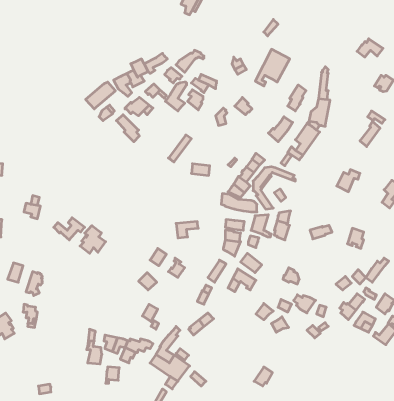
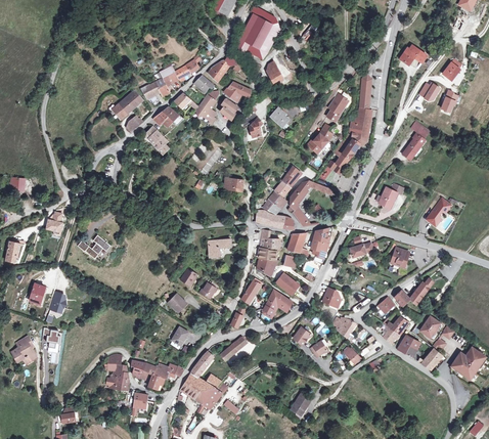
building: [255,49,290,86] -> [235,14,272,53]
building: [80,226,106,253] -> none

